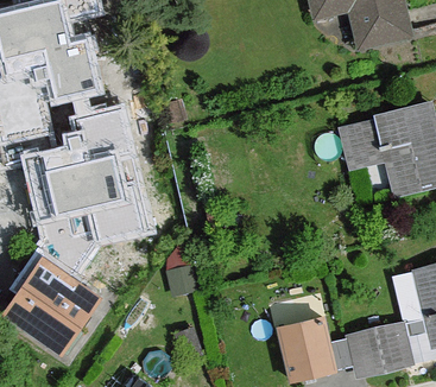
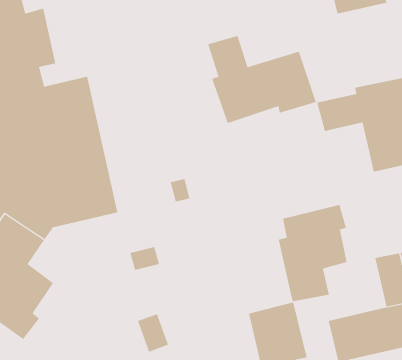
building: none -> [207,35,316,124]
building: none -> [278,204,347,302]

